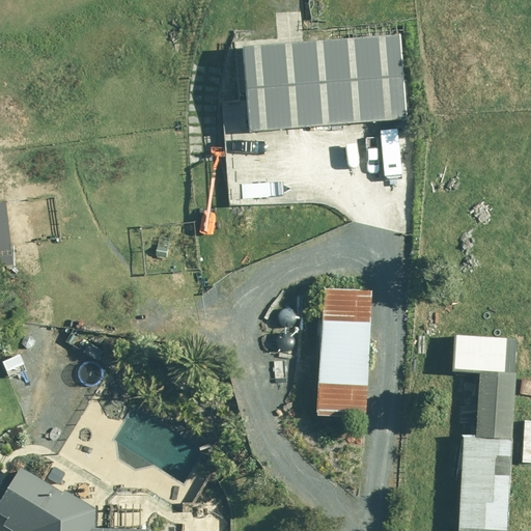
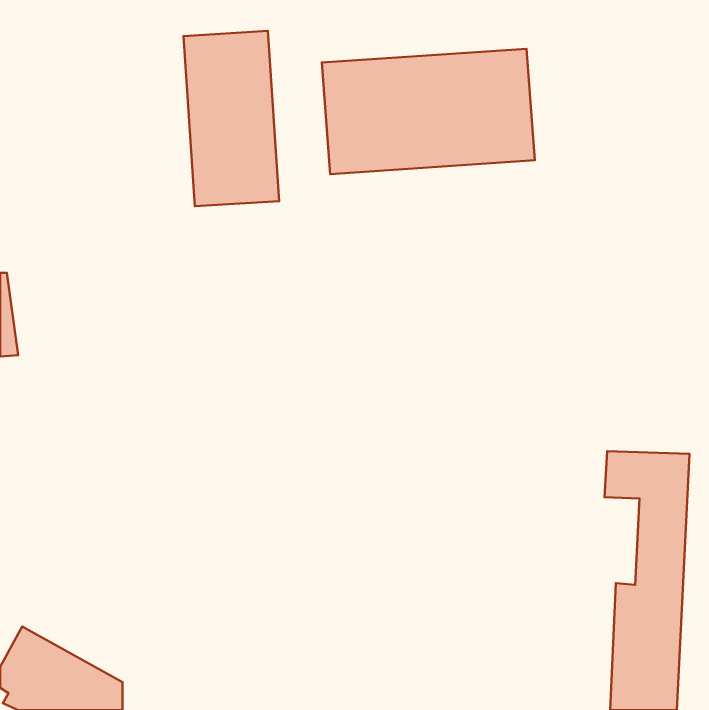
building: none -> [183,31,279,206]
building: [316,287,370,414] -> none

